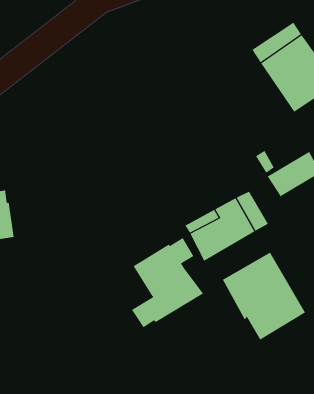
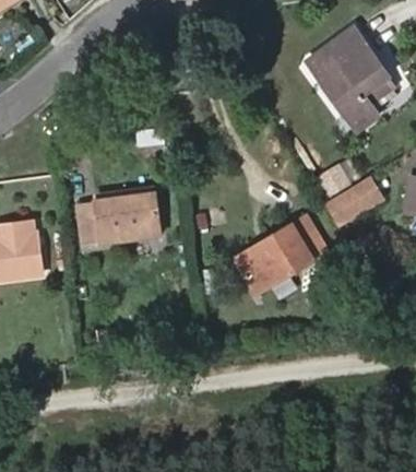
building: none -> [76,190,159,243]
building: [131,237,204,328] -> none
building: [222,252,306,340] -> none

